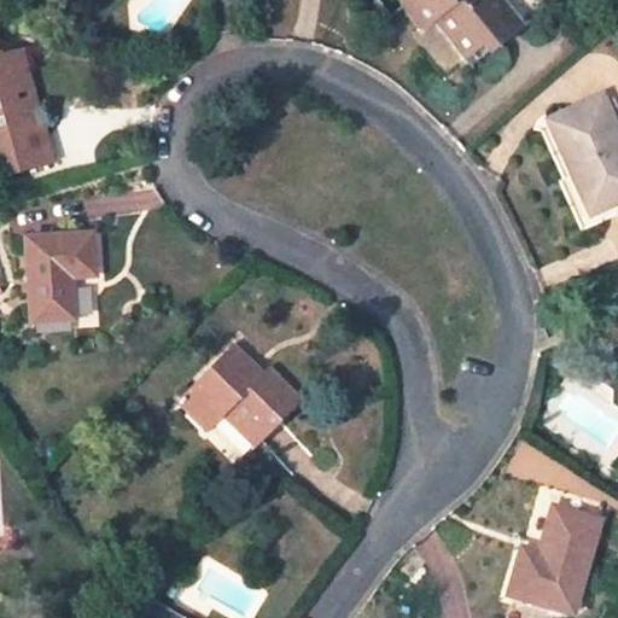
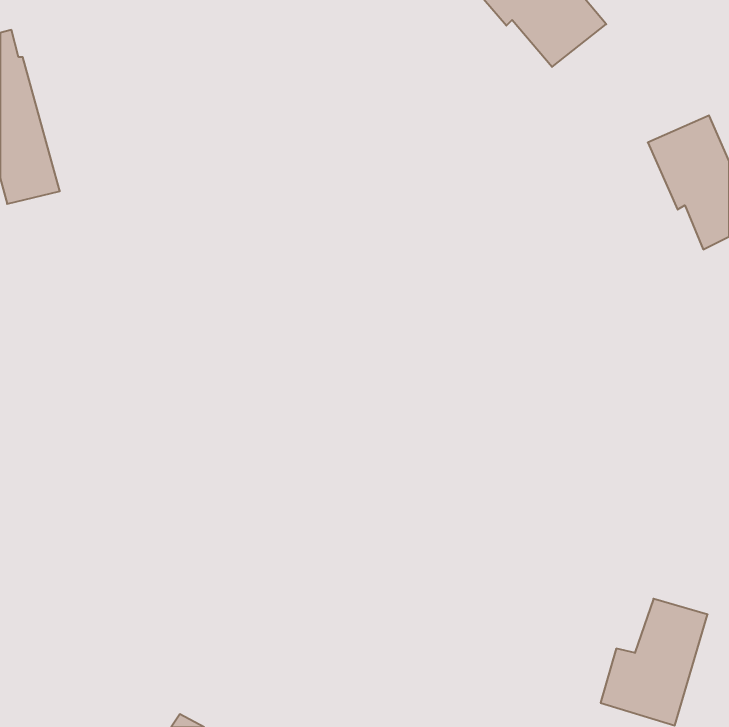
building: [27,235,94,320] -> none
building: [176,345,299,444] -> none

